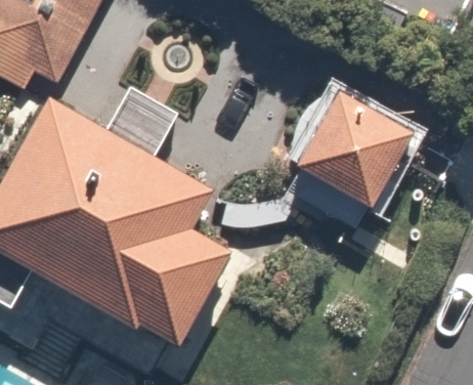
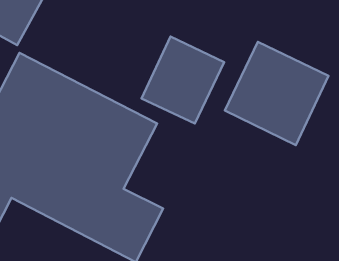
building: none -> [142,37,224,124]

